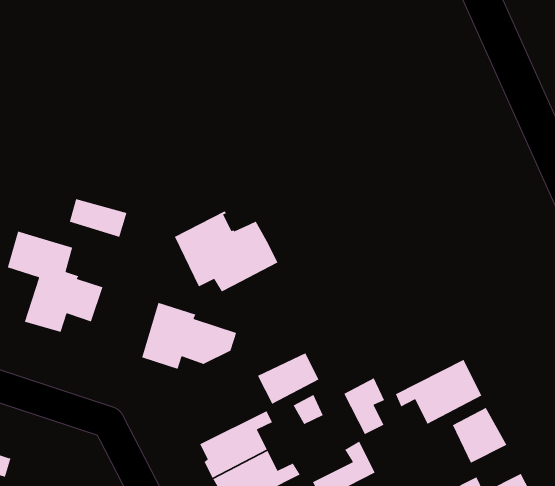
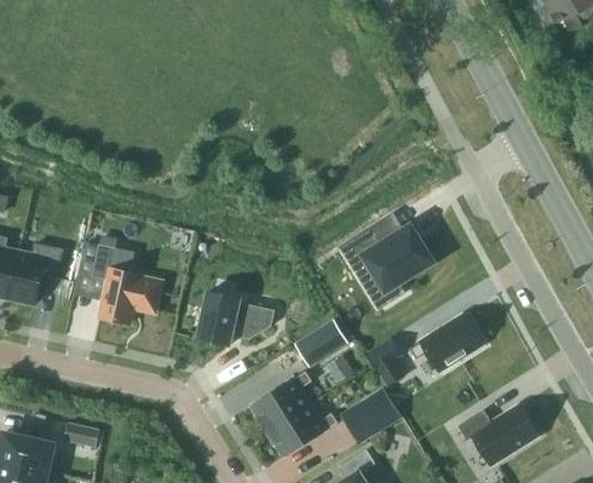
building: [69,198,127,238] -> none
building: [174,210,280,292] -> [342,222,432,289]
building: [452,407,507,464] -> none

